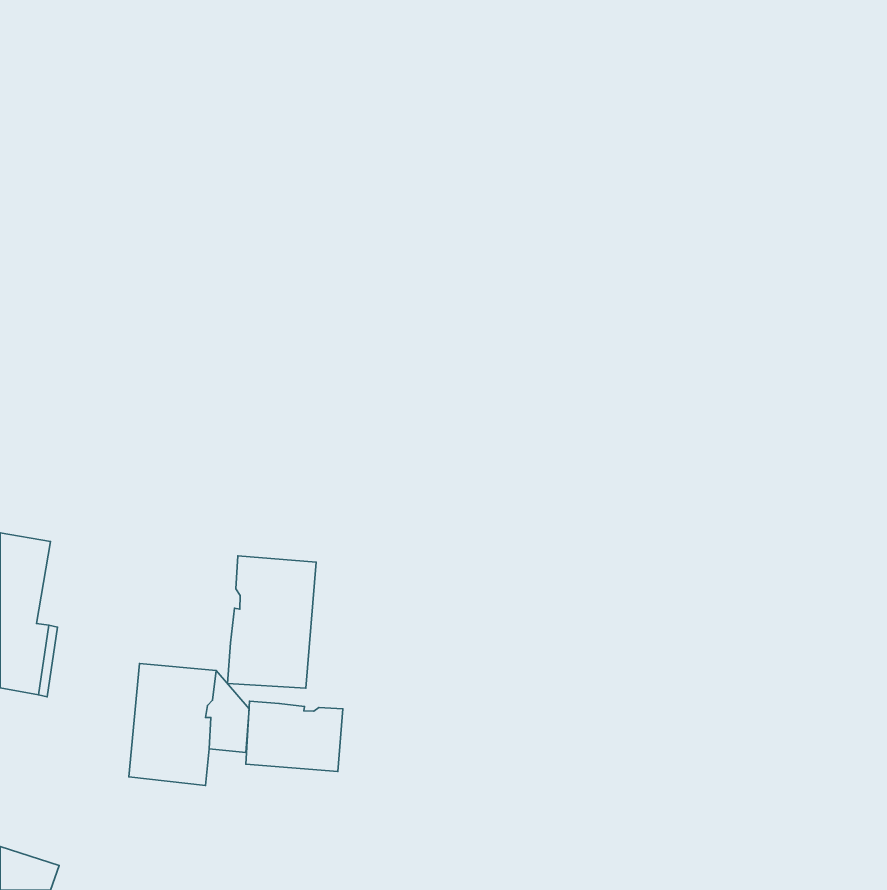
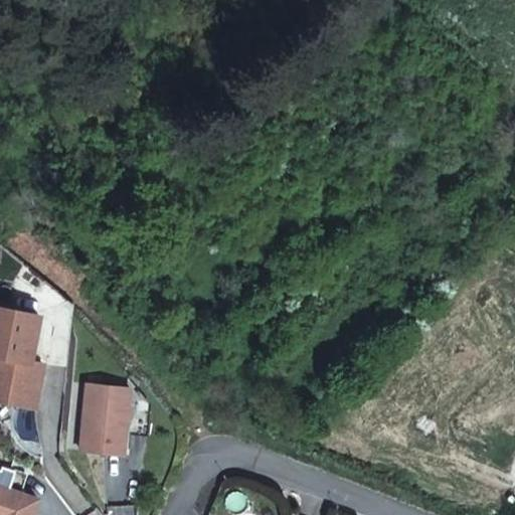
building: [227,556,316,688] -> none
building: [246,701,343,771] -> none

